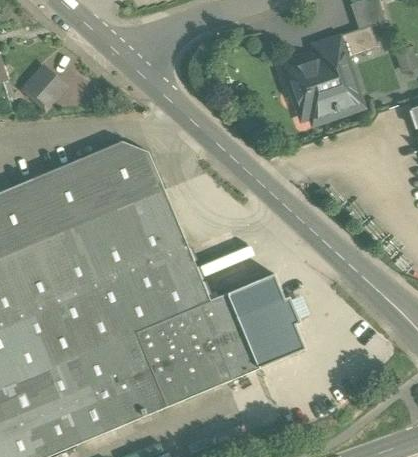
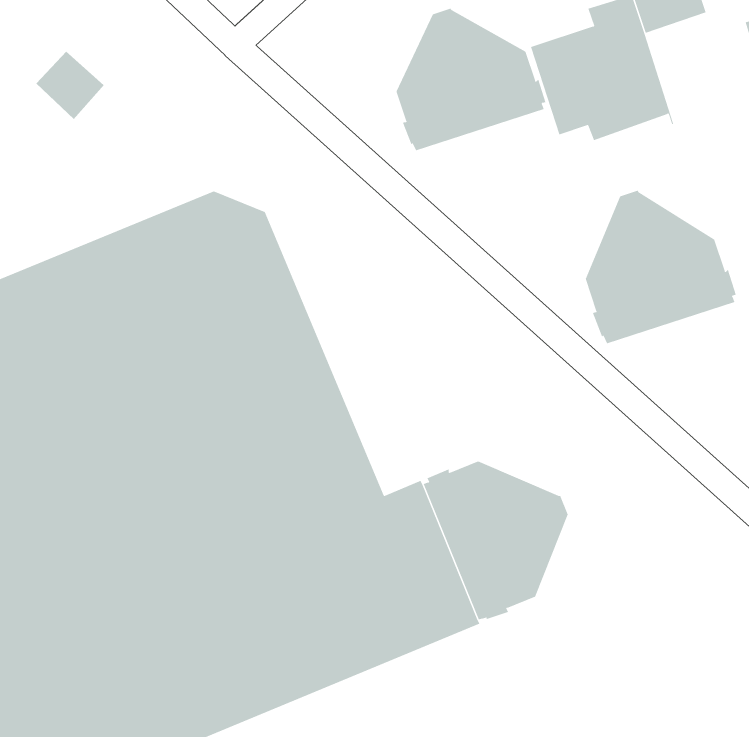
building: none -> [396,8,546,151]
building: none -> [585,190,737,344]

